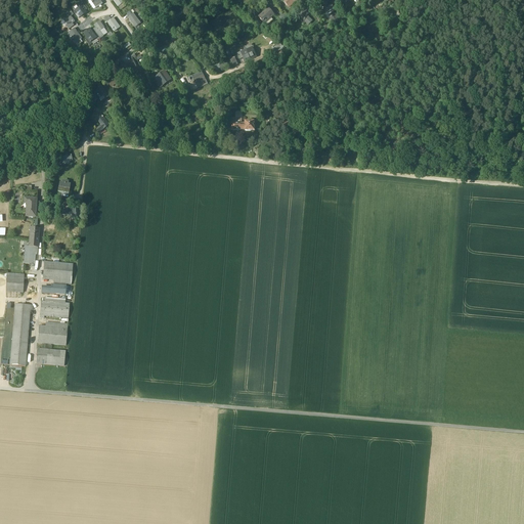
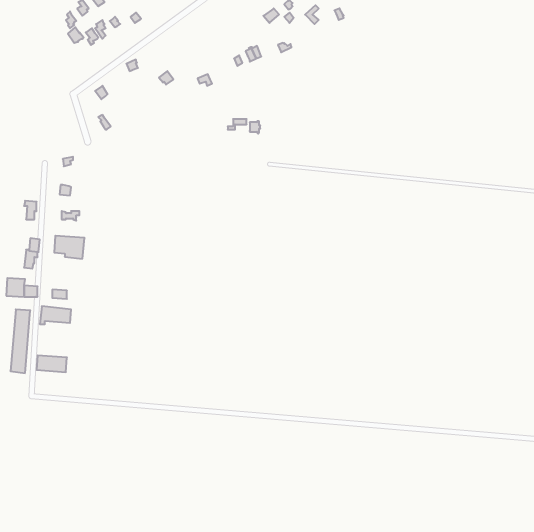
building: [43,261,73,283] -> [54,236,85,259]
building: [37,324,68,344] -> none

